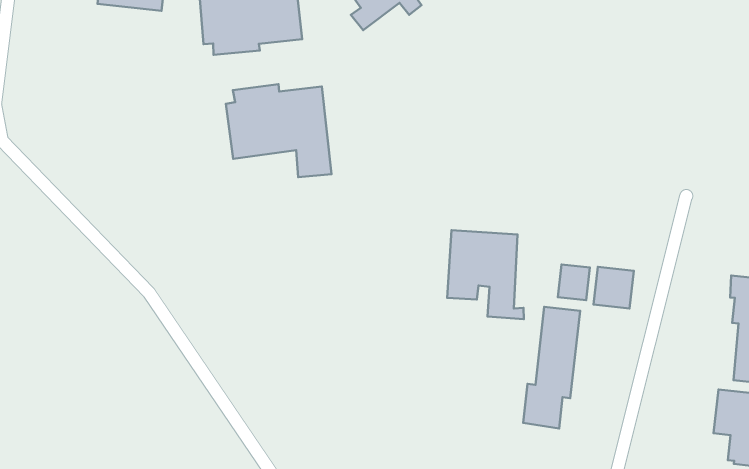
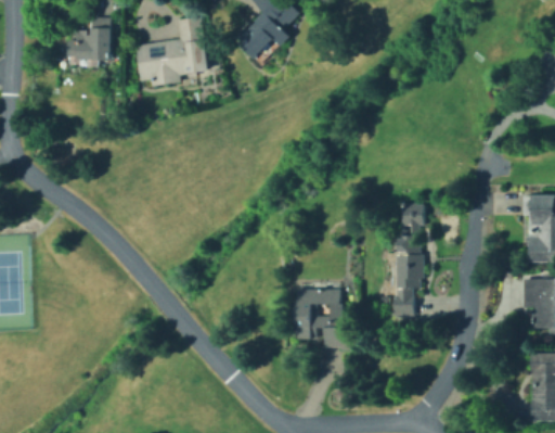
building: [226,84,331,177] -> none
building: [447,230,524,319] -> [295,289,351,347]
building: [594,267,634,308] -> none

